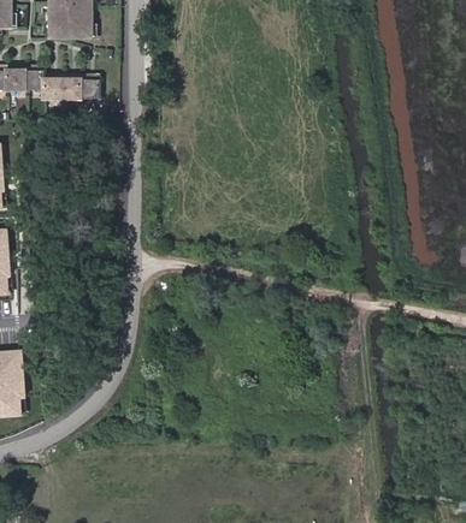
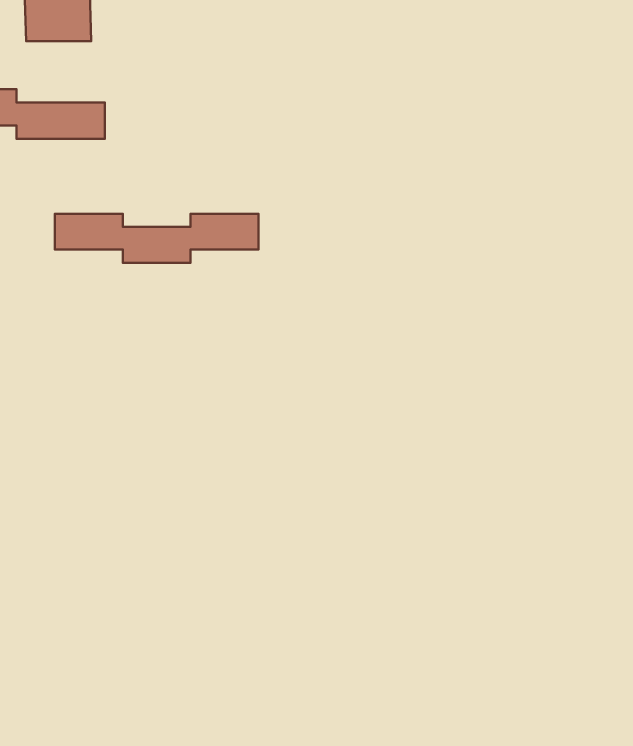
building: none -> [55,214,259,263]

